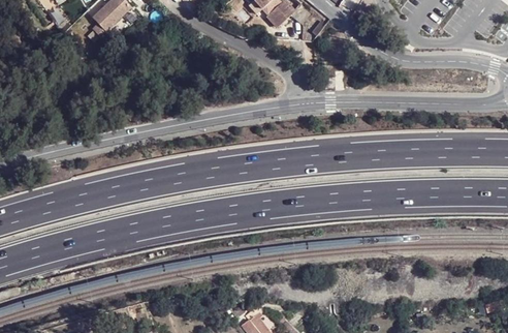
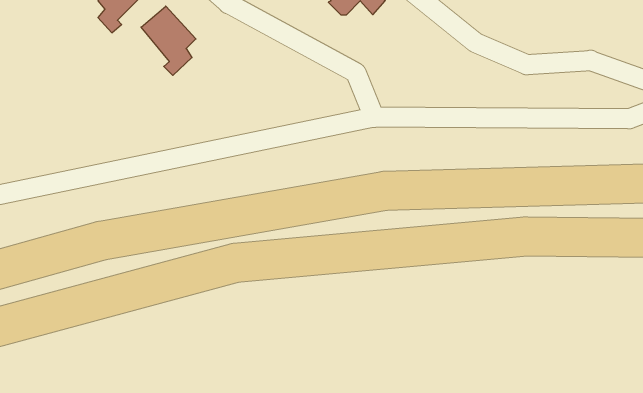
building: none -> [141,6,196,75]

